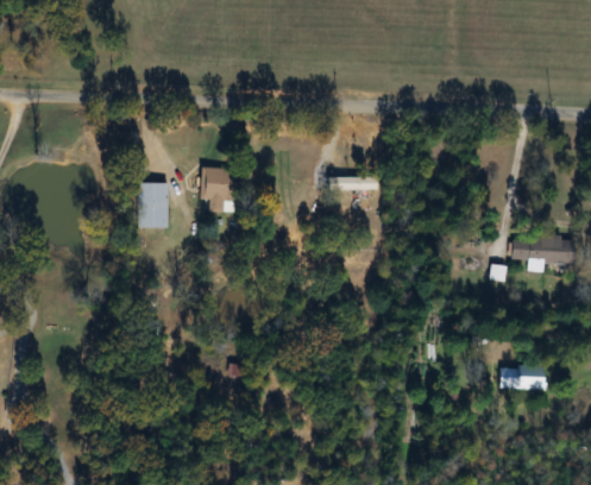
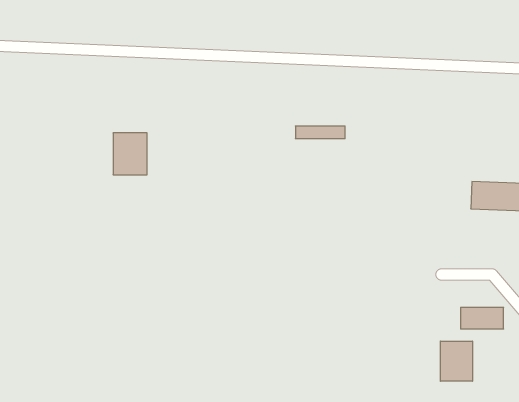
building: [200,168,237,213] -> none
building: none -> [440,341,472,381]

